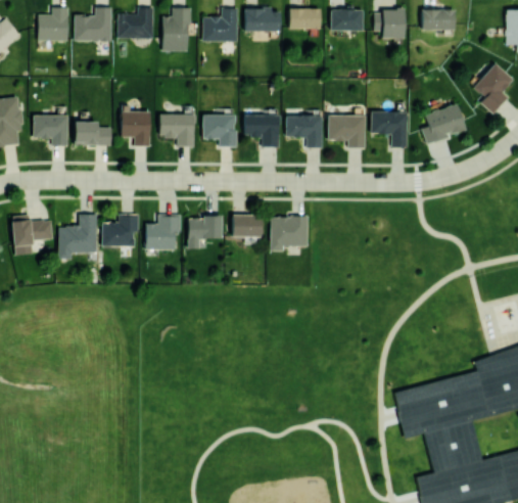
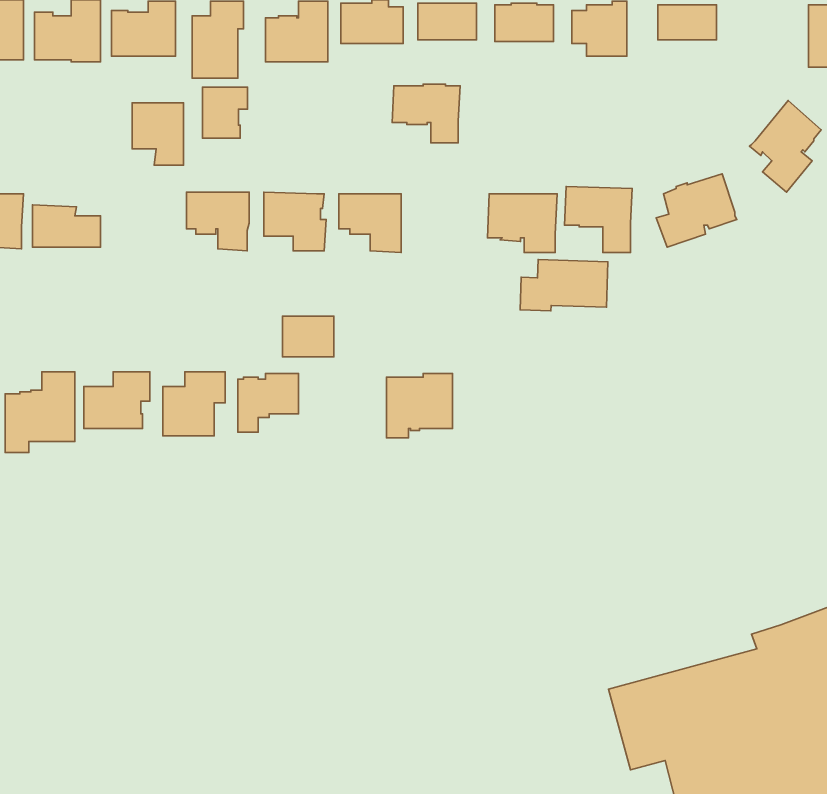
building: none -> [203,87,248,138]
building: [122,111,150,146] -> [132,103,184,165]
building: [285,116,323,148] -> [392,84,460,143]
building: none -> [520,260,608,311]
building: [233,215,262,237] -> [283,316,334,357]

